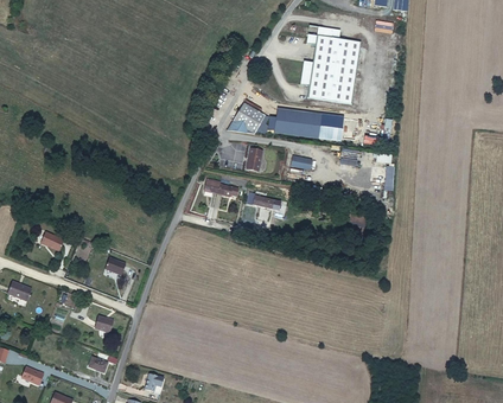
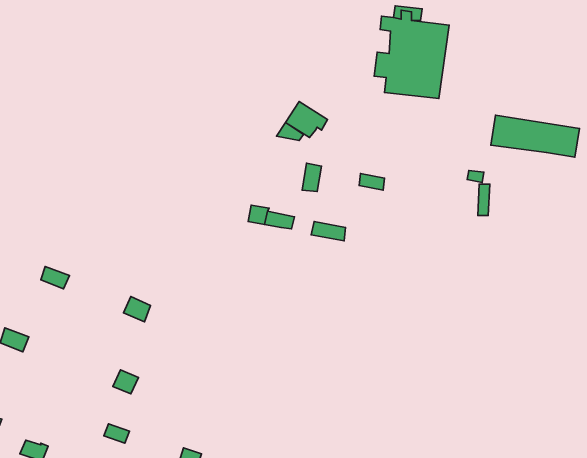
building: [272,108,342,141] -> [491,115,579,157]

